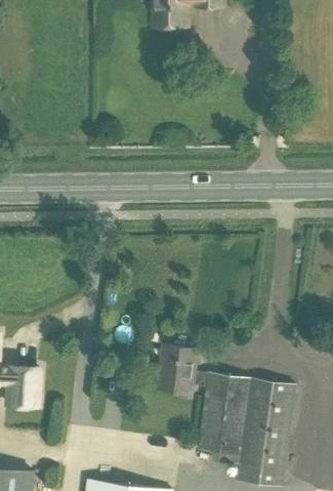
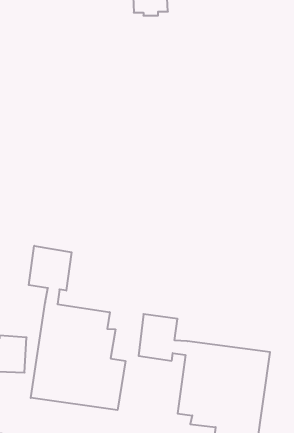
building: none -> [29,246,125,410]

